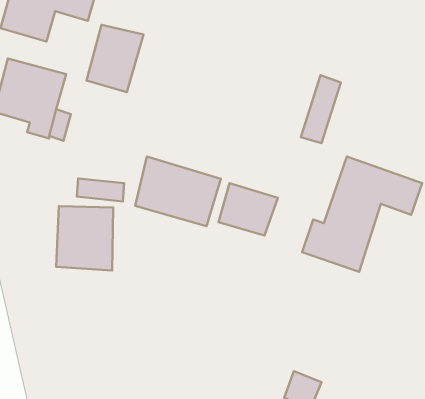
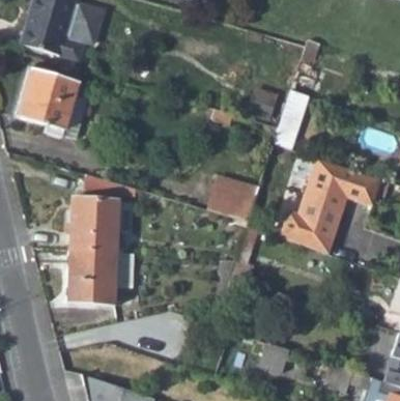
building: [86,25,143,92] -> none
building: [135,156,221,226] -> none
building: none -> [67,248,117,303]

